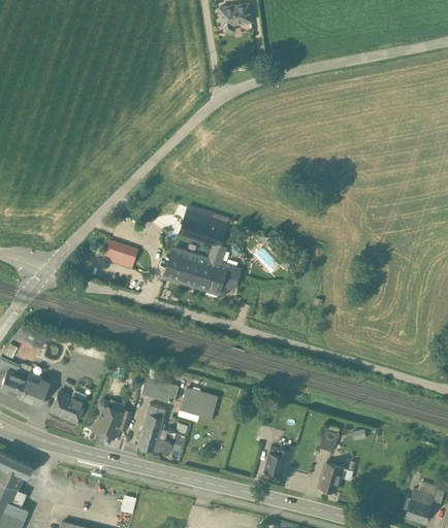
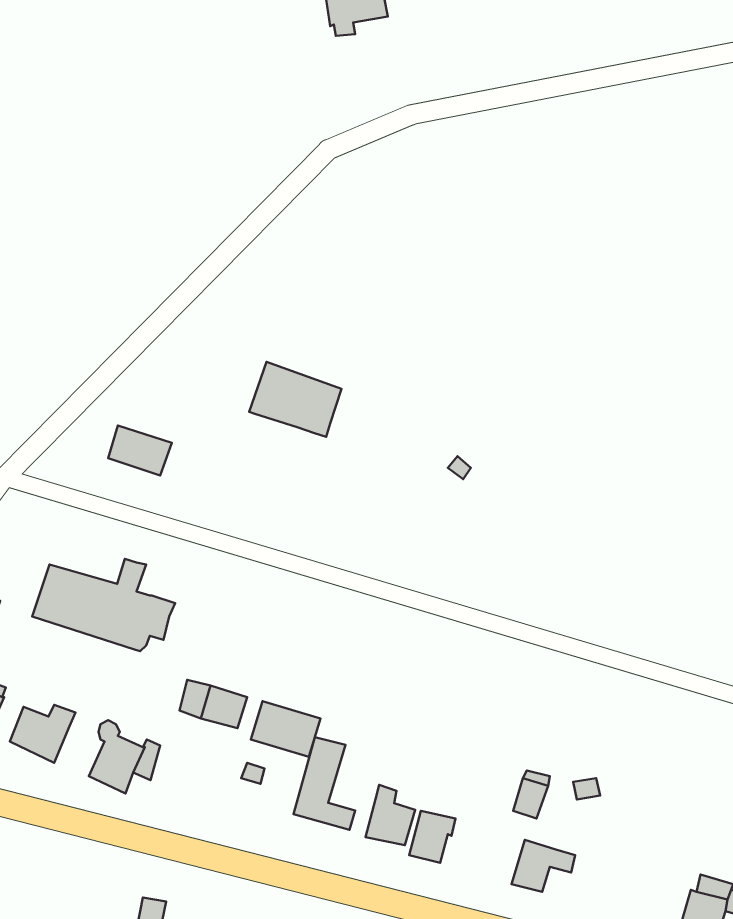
building: [164,245,241,295] -> [32,559,175,651]
building: [138,404,171,454] -> [294,737,355,830]
building: none -> [365,785,415,845]

